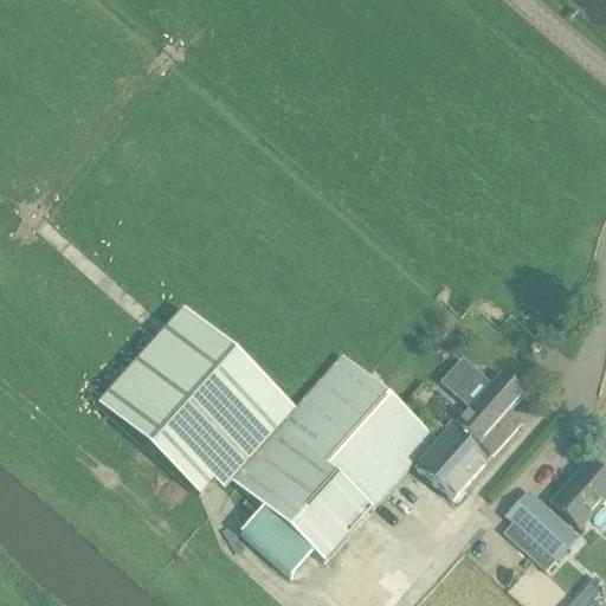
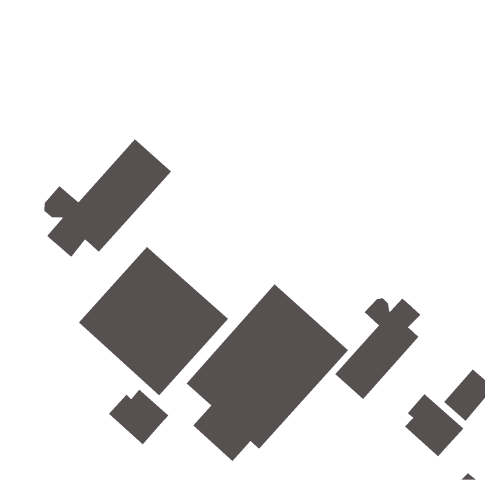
building: none -> [44,138,172,258]
building: none -> [108,389,169,445]

